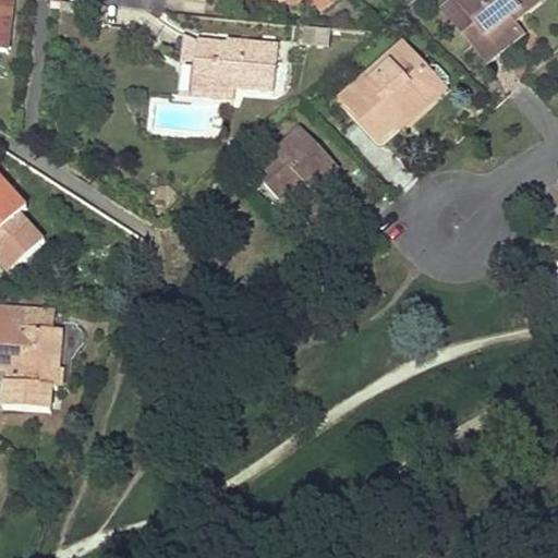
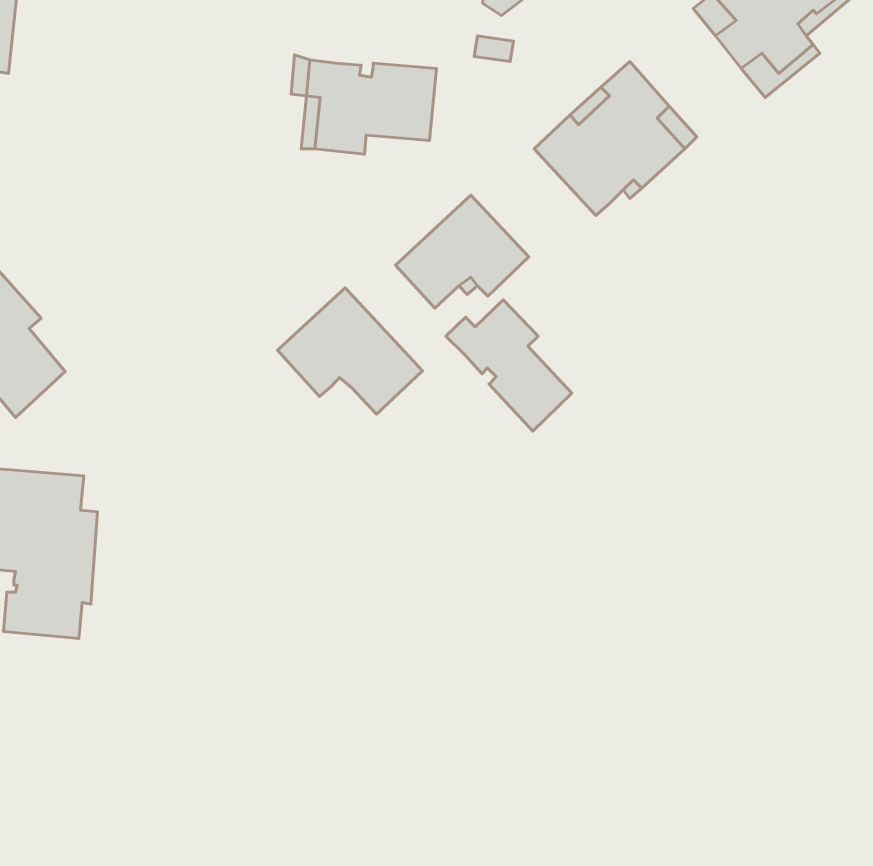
building: none -> [277,288,423,414]
building: none -> [446,300,572,431]

